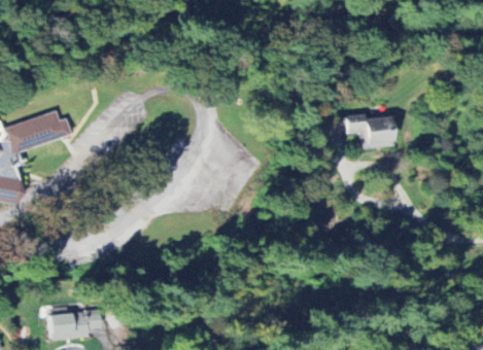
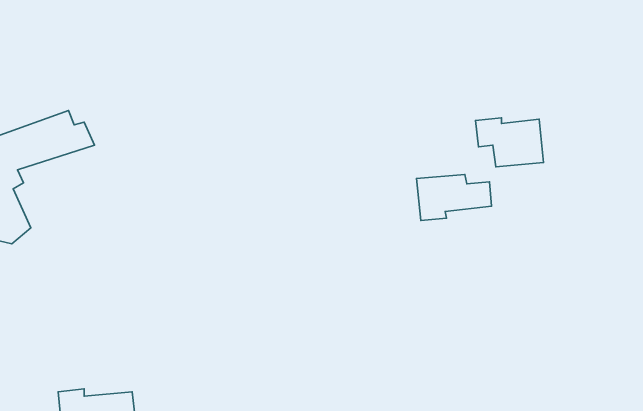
building: none -> [417,174,492,220]

